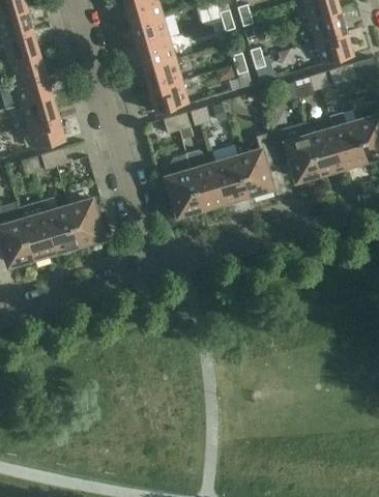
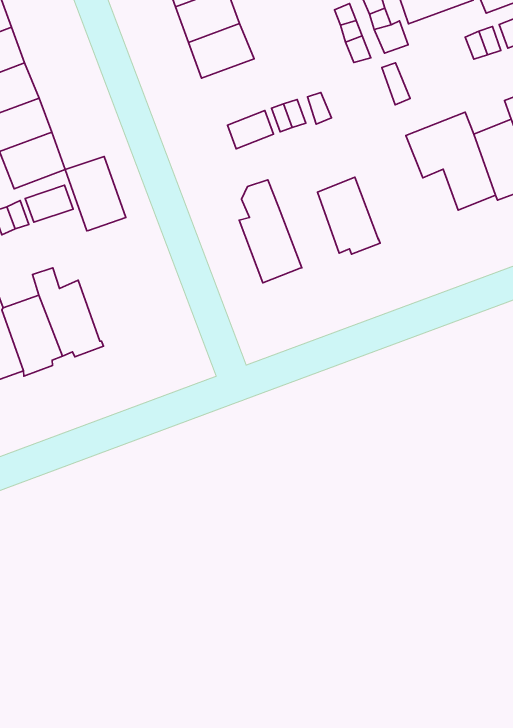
building: [150,81,188,112] -> none
building: [237,133,278,194] -> none
building: [185,150,225,210] -> none
building: [68,199,103,242] -> [65,156,126,231]

